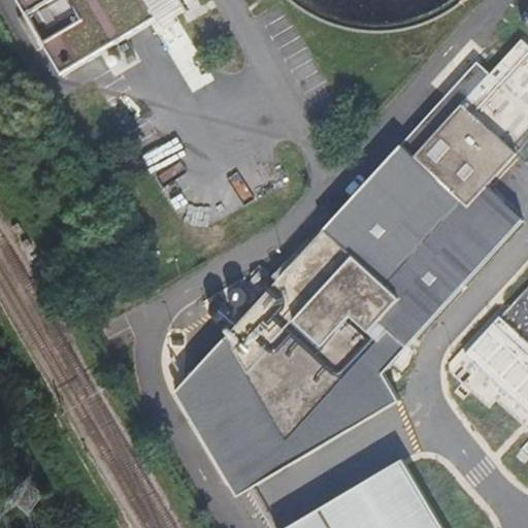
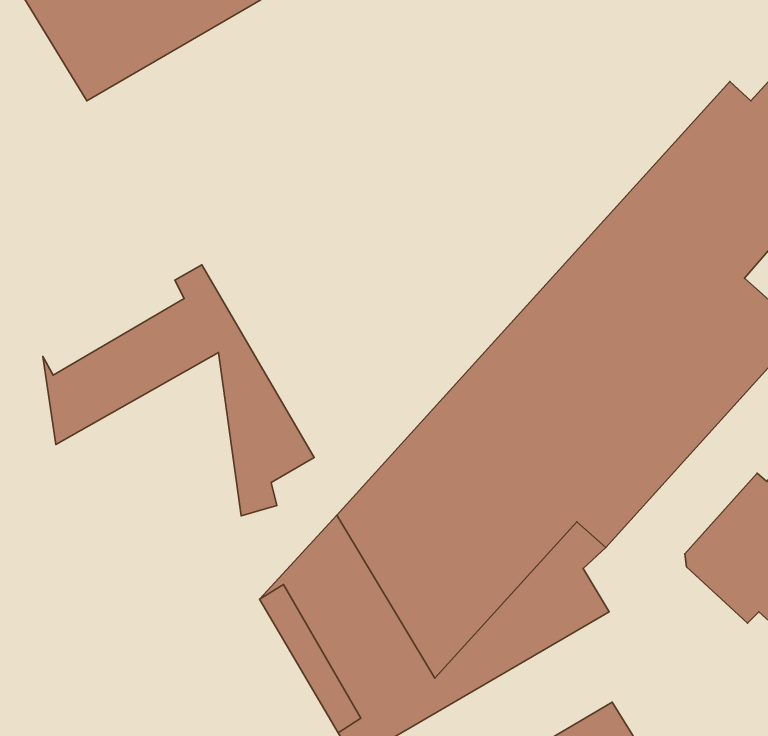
building: none -> [43,265,314,516]

